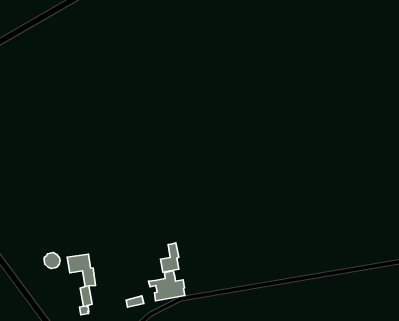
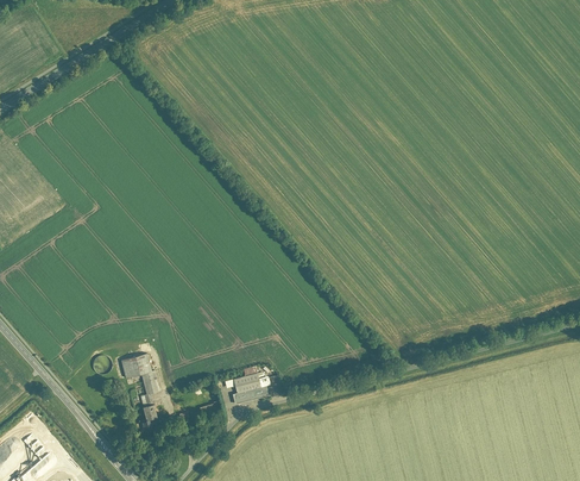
building: [161,243,179,272] -> none

